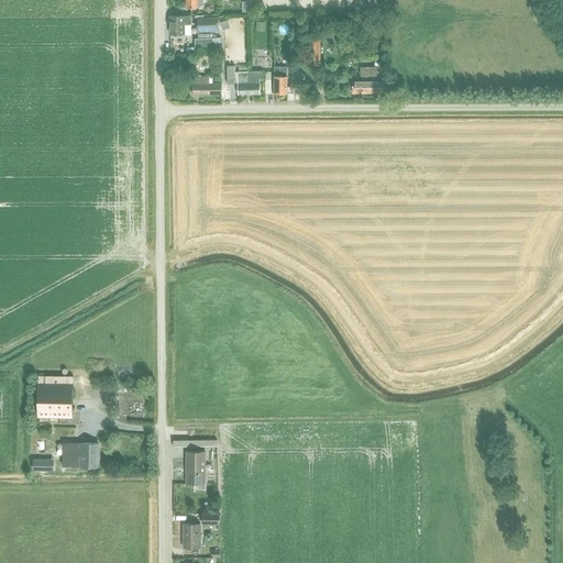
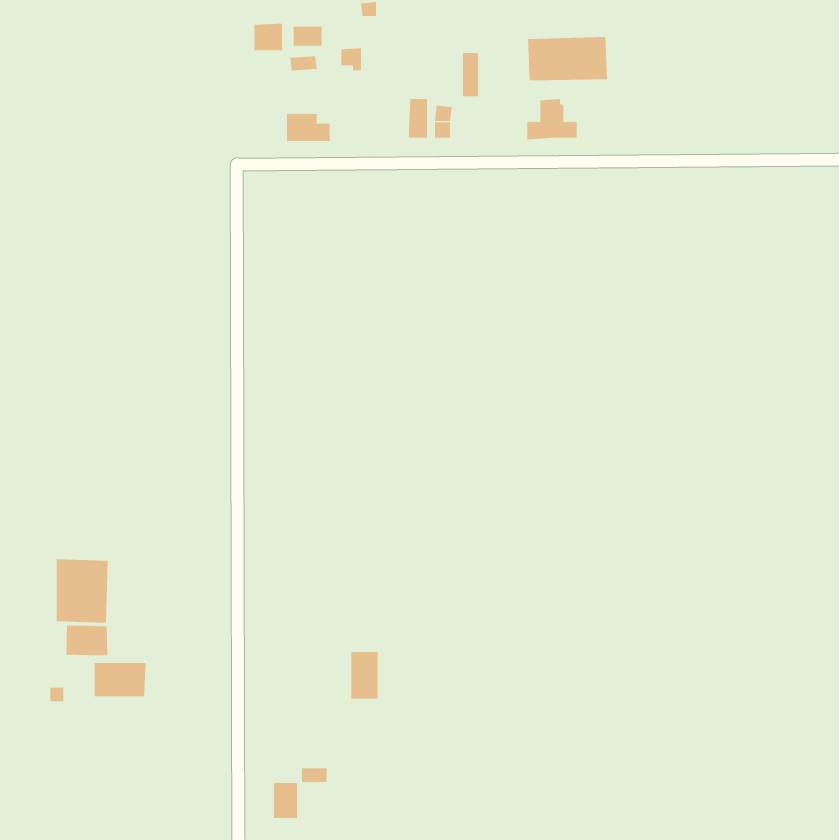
building: none -> [528,36,608,81]
building: [236,71,262,95] -> none
building: none -> [66,625,108,656]
building: [186,451,205,483] -> [351,652,378,699]

